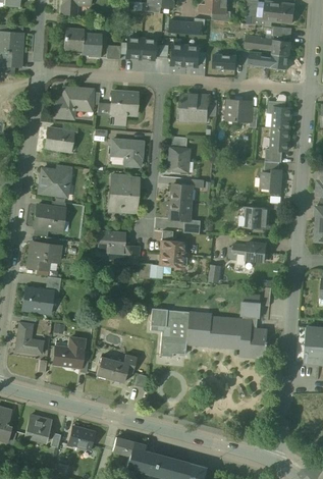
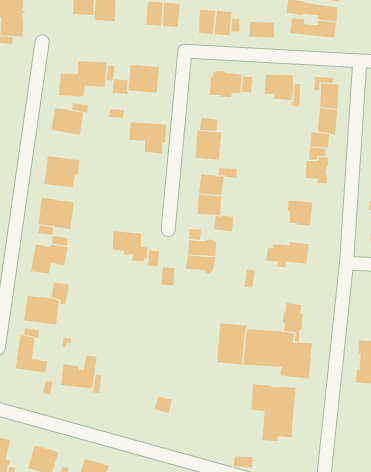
building: [111,176,137,211] -> none
building: [150,308,189,357] -> [251,384,296,441]
building: [96,354,137,382] -> none

